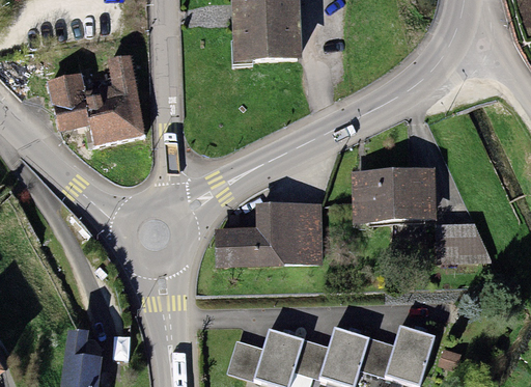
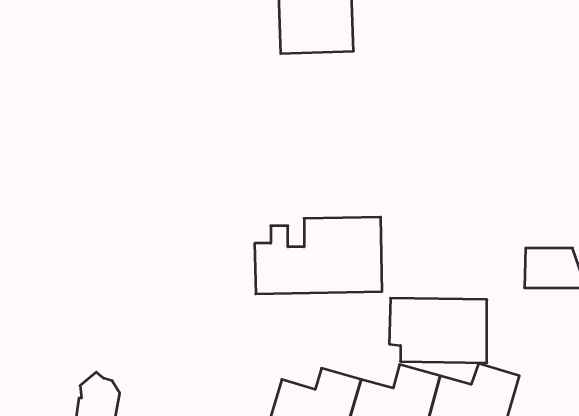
building: [44,68,145,148] -> none
building: [351,169,432,223] -> [389,298,487,363]

